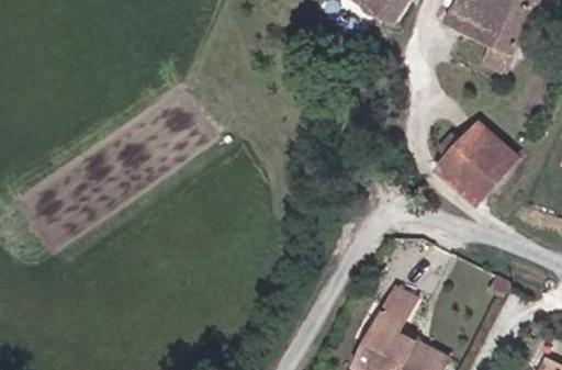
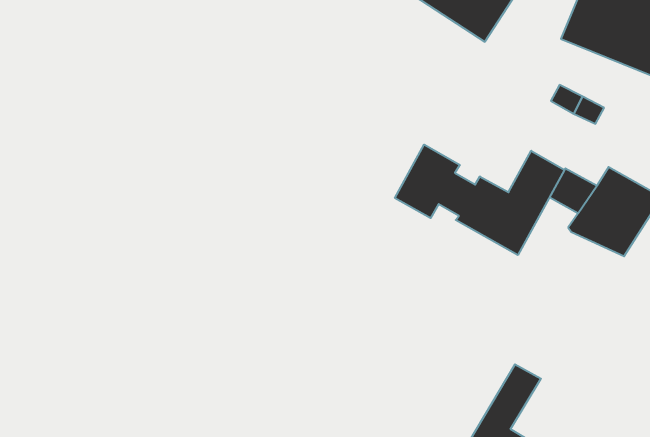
building: none -> [395,145,565,255]

